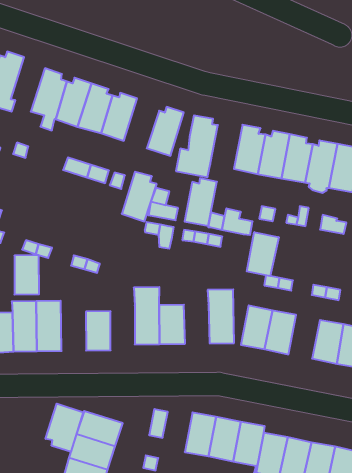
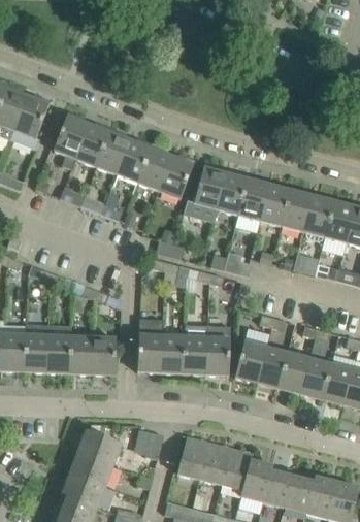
building: [122,172,157,221] -> [138,144,172,191]
building: [185,178,217,226] -> [217,170,249,215]
building: [247,232,279,276] -> none
building: [14,255,39,295] -> [69,337,94,374]
building: none -> [184,337,207,374]
building: none -> [279,353,309,394]
building: [46,404,83,452] -> none

